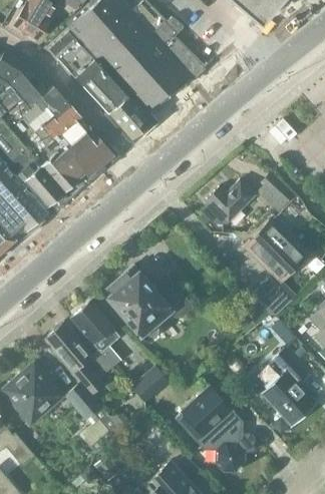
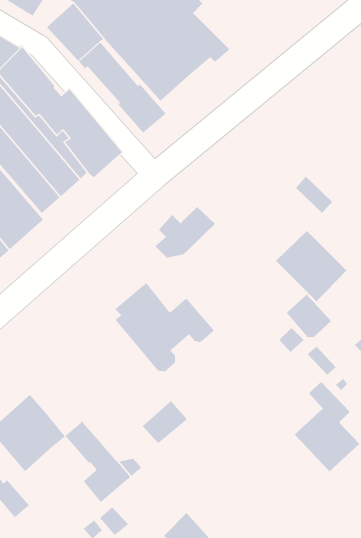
building: [203,181,255,225] -> [155,206,216,258]
building: [72,302,122,368] -> none
building: [45,324,99,395] -> none
building: [175,389,254,473] -> none

